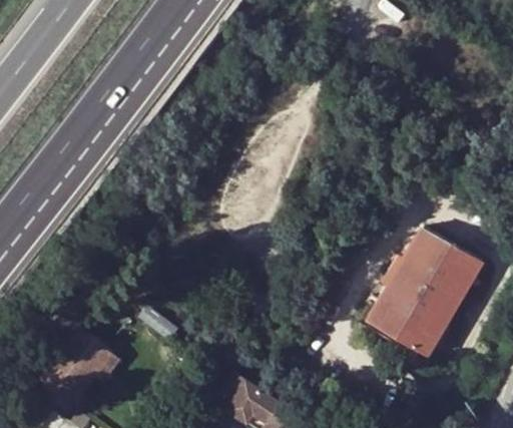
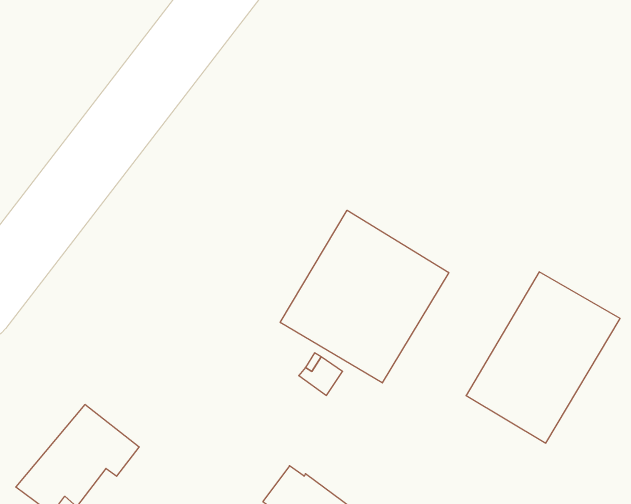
building: none -> [280,210,449,383]

